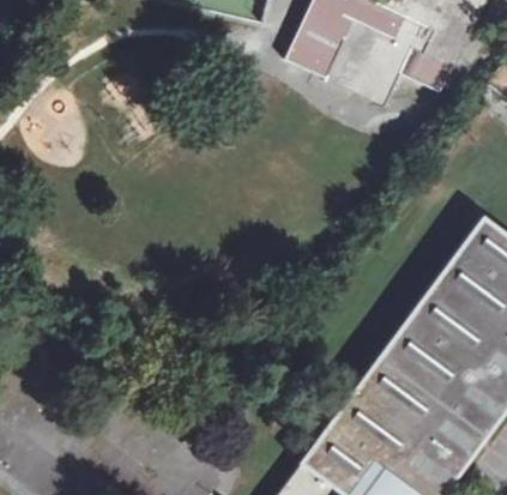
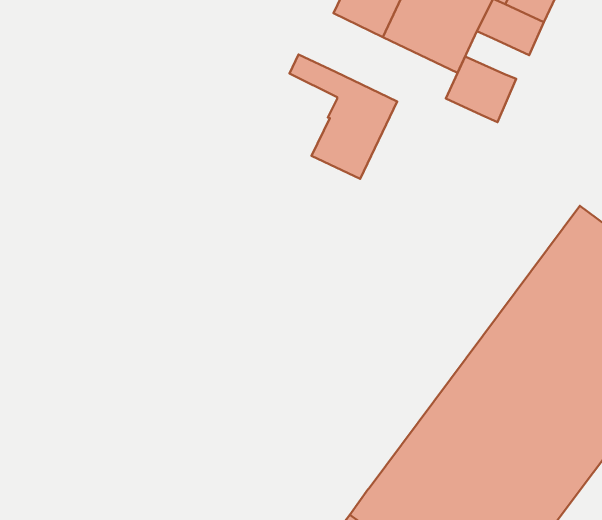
building: none -> [289,54,397,179]
building: none -> [446,56,516,122]

